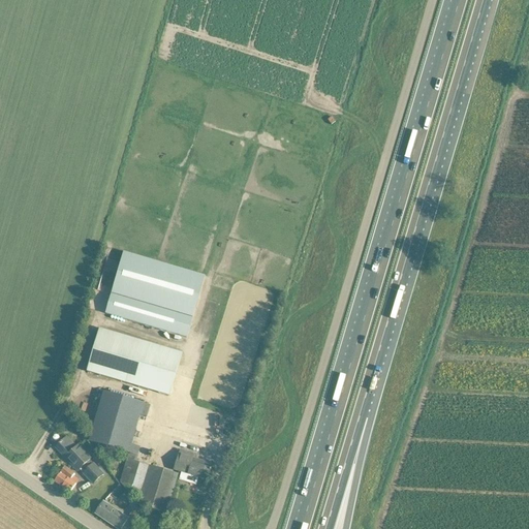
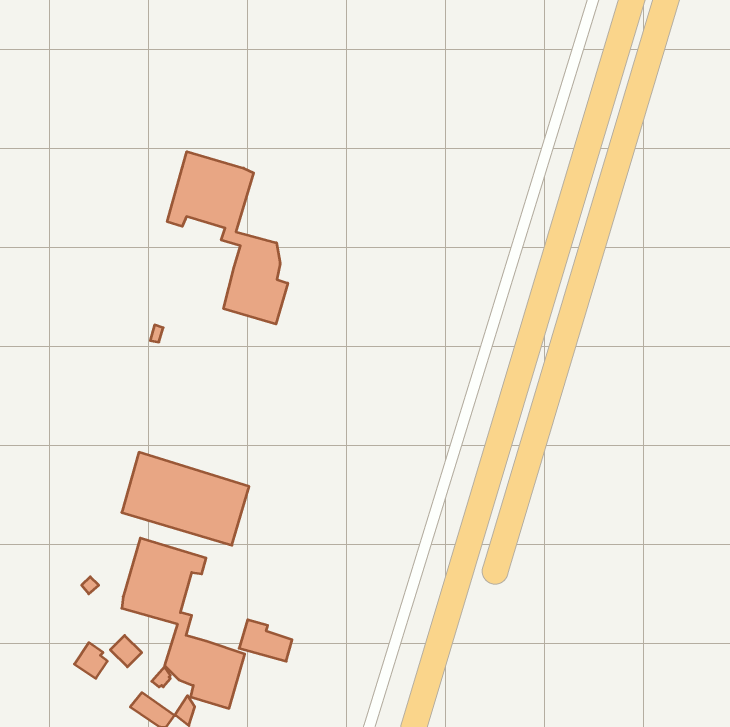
building: none -> [167,152,288,324]
building: [105,250,205,333] -> none
building: [55,434,91,469] -> none

